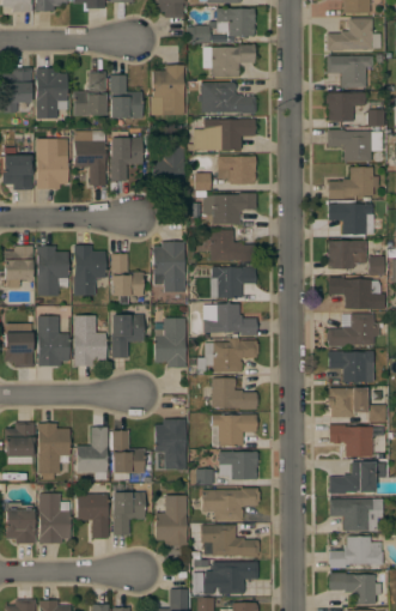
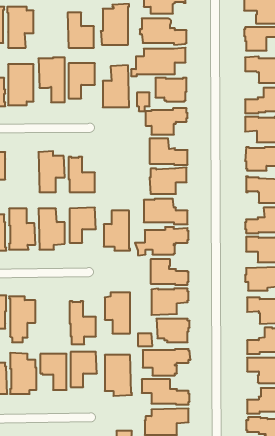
building: [74,72,106,116] -> none
building: [154,242,185,292] -> none
building: [36,247,69,296] -> none
building: [78,428,109,473] -> none

